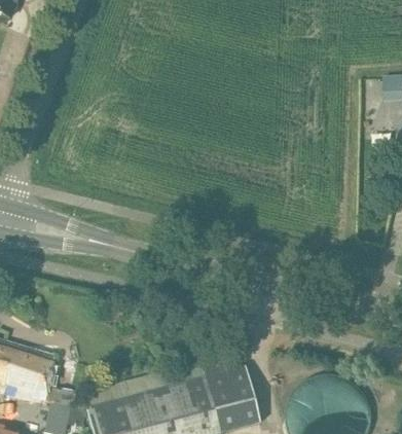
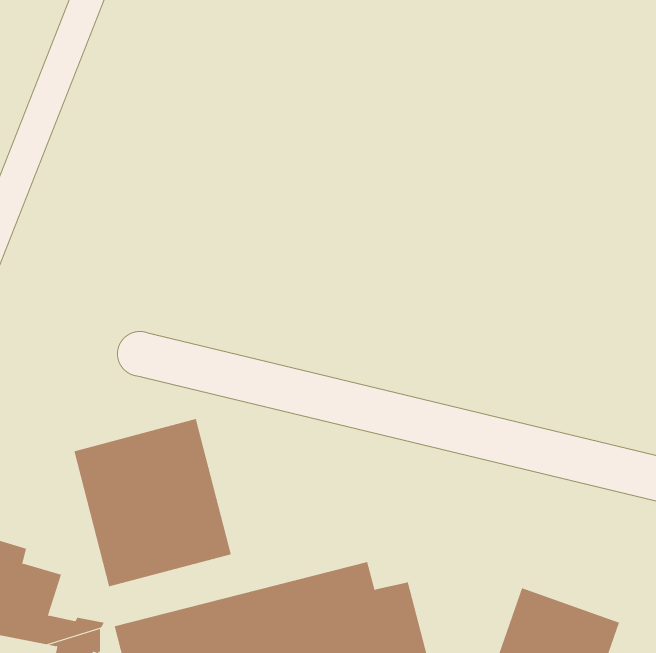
building: none -> [74,418,231,587]

